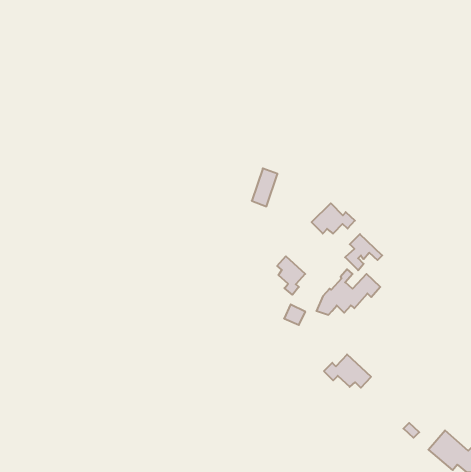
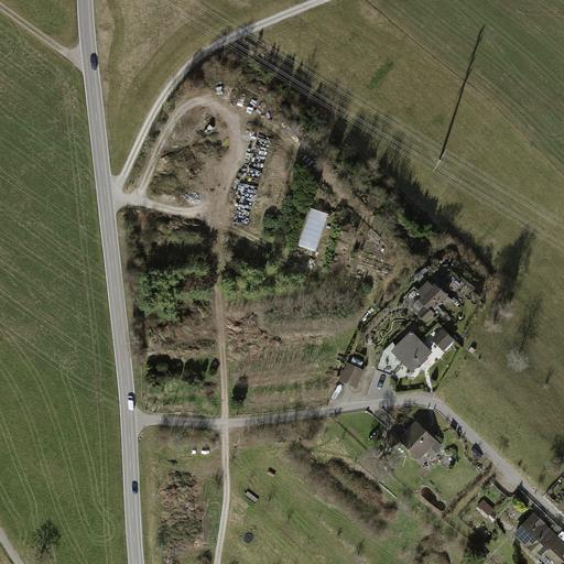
building: [312,203,355,234] -> none
building: [277,256,305,295] -> none

